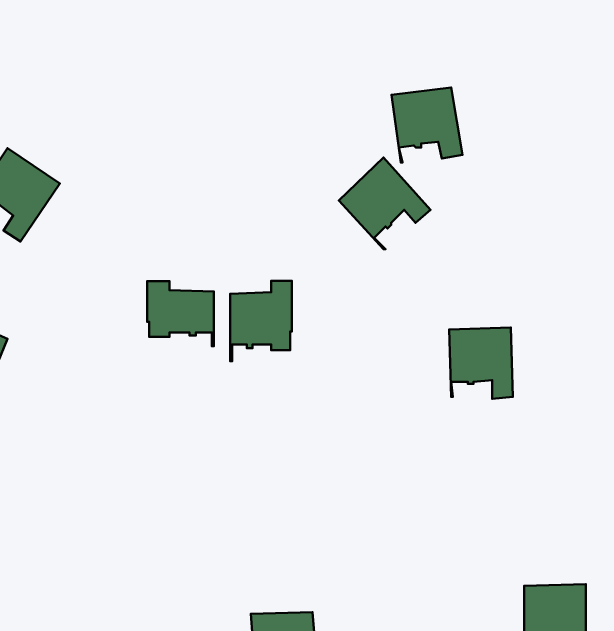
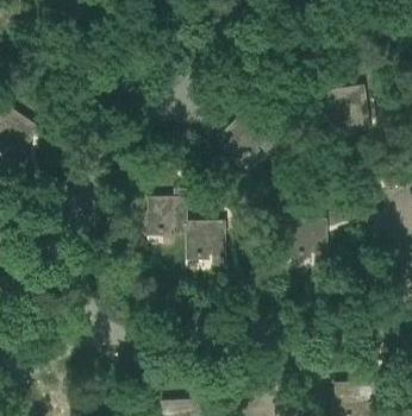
building: [391,87,463,162] -> [325,86,370,133]
building: [147,281,214,346] -> none
building: none -> [186,221,225,265]

